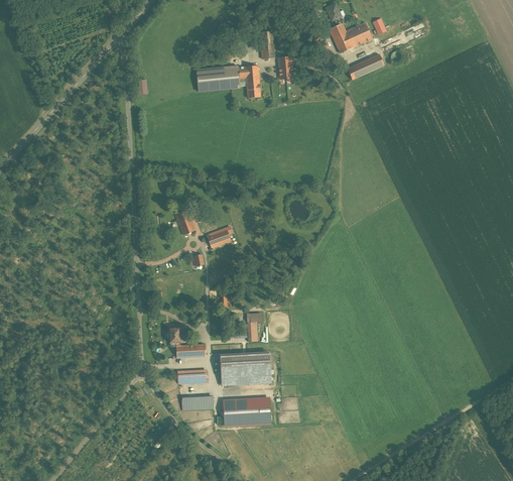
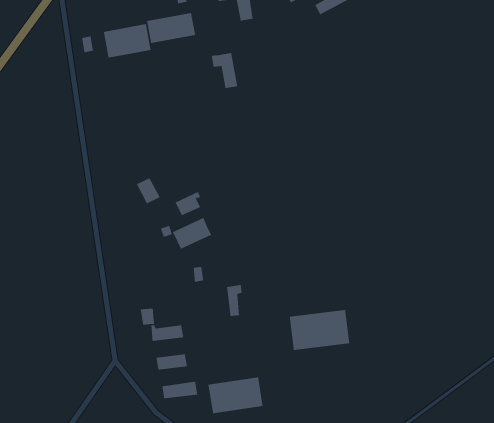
building: [238,66,260,98] -> [211,52,238,89]
building: none -> [103,23,152,58]
building: none -> [172,217,212,250]
building: [222,353,274,386] -> [289,309,350,351]

